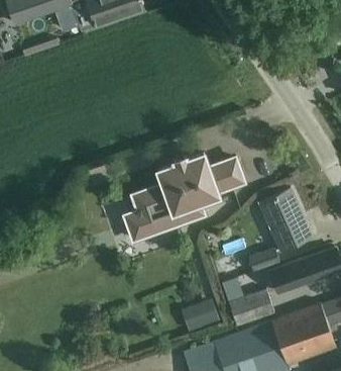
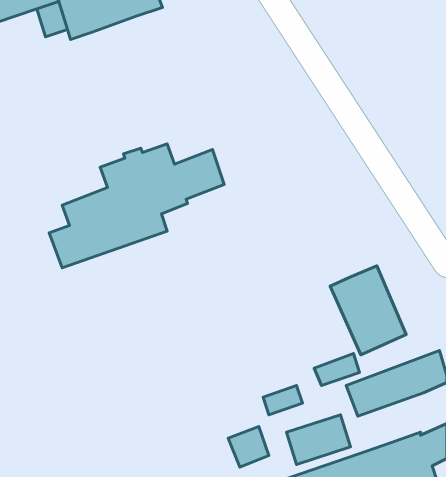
building: [122,154,243,240] -> [49,144,224,268]

